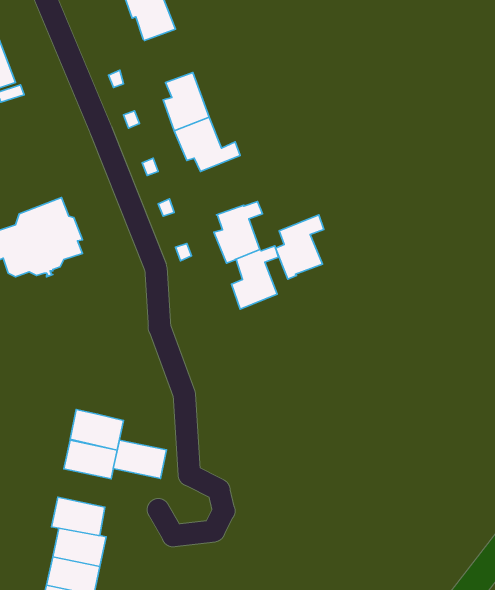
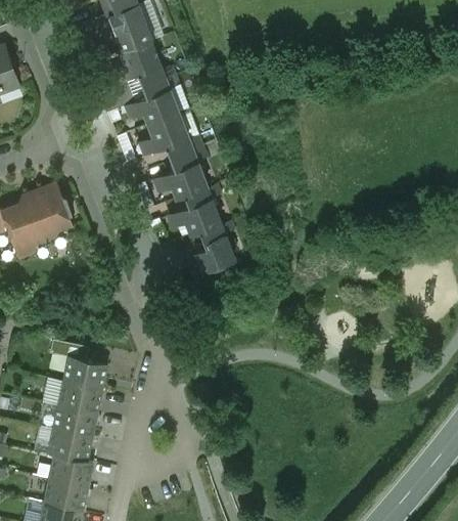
building: none -> [120,42,164,86]
building: [276,215,324,279] -> [167,146,207,200]
building: [113,440,167,478] -> [52,405,96,437]

